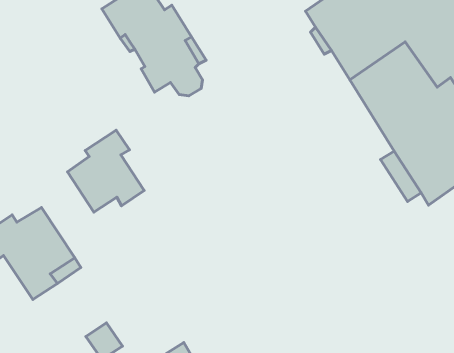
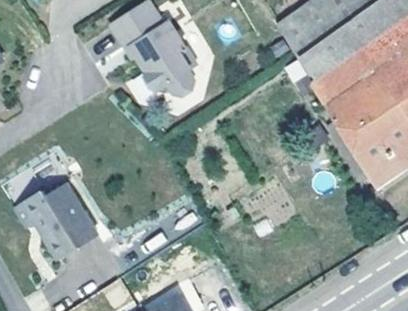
building: [67,130,144,212] -> none

